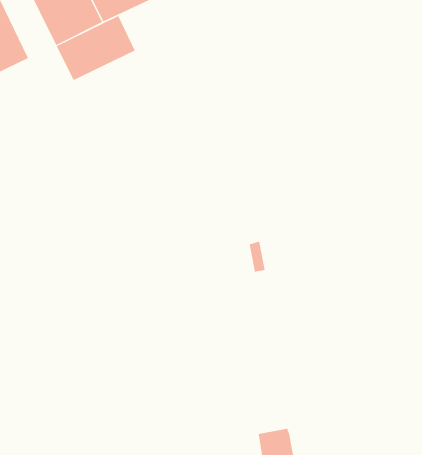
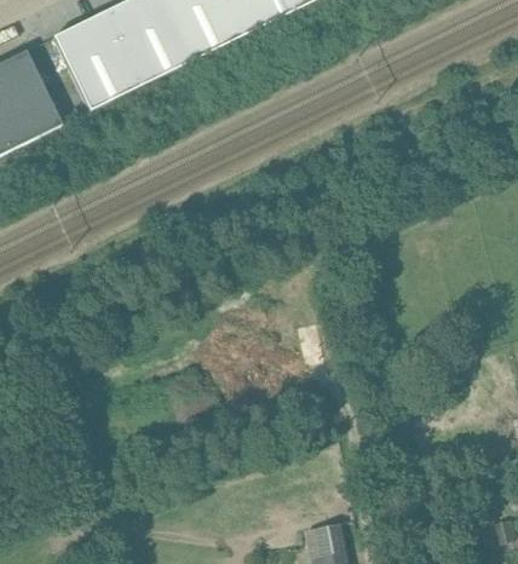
building: [56,15,135,81] -> none

